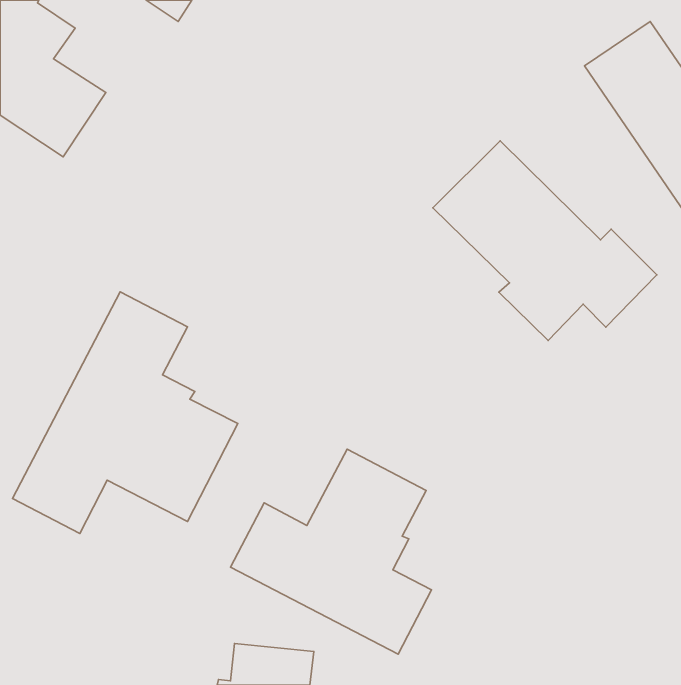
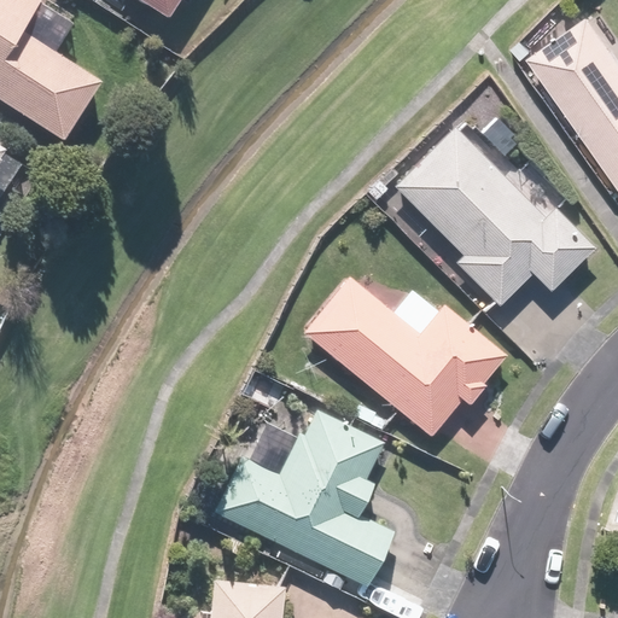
building: [13,292,238,533] -> none
building: none -> [301,278,511,439]

